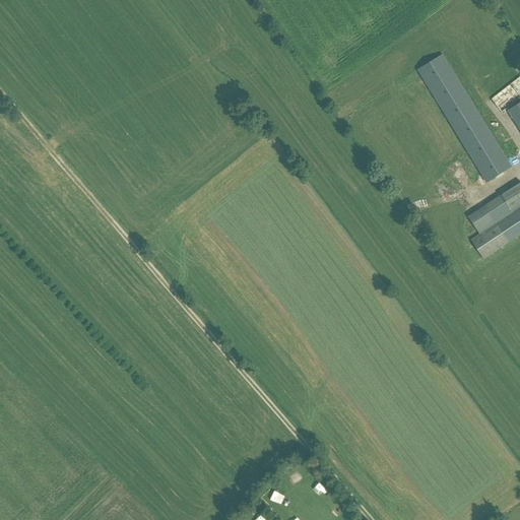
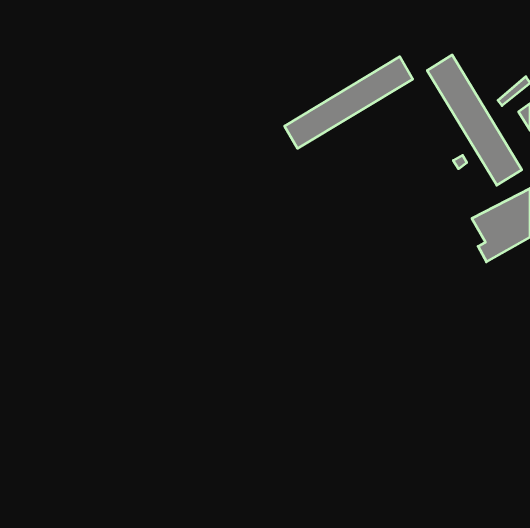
building: none -> [285,57,413,148]

